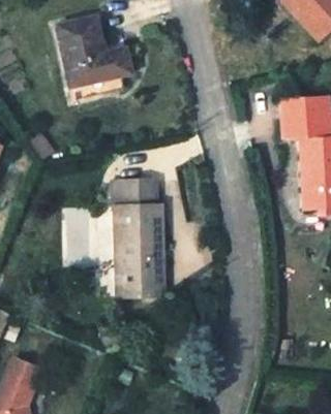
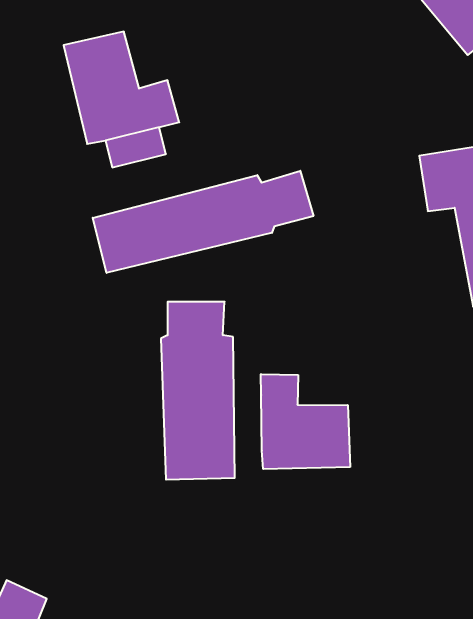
building: none -> [93,171,313,273]
building: none -> [261,374,350,469]

